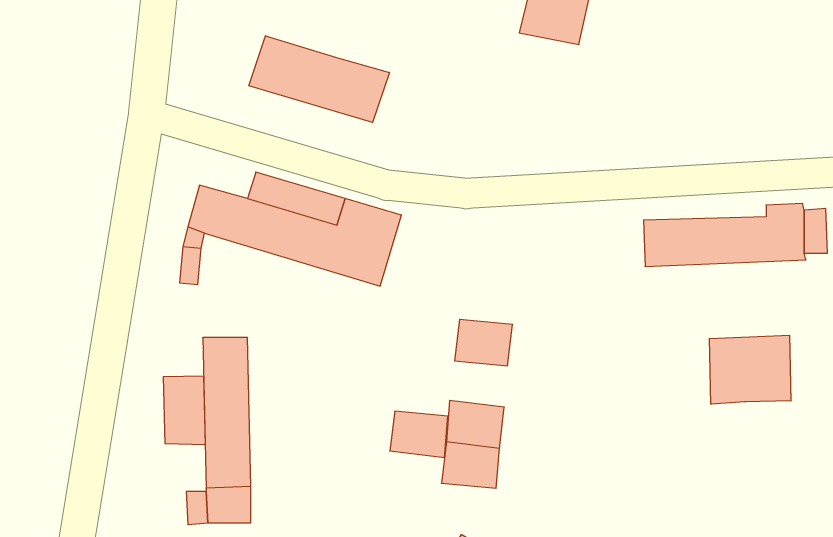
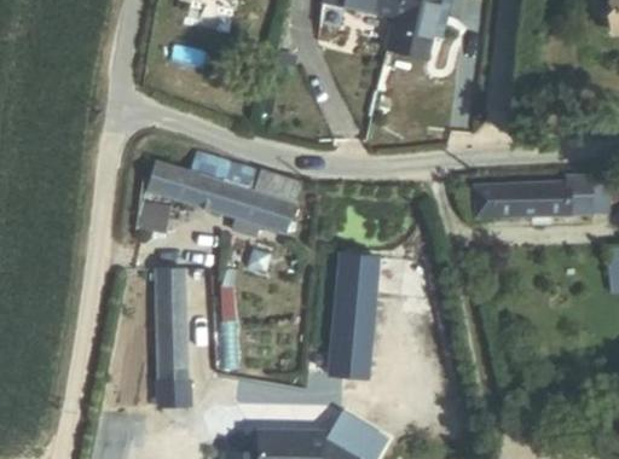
building: [249,36,389,122] -> none
building: [709,335,791,404] -> none
building: [163,376,205,445] -> none
building: [390,411,448,458] -> [335,287,377,321]

